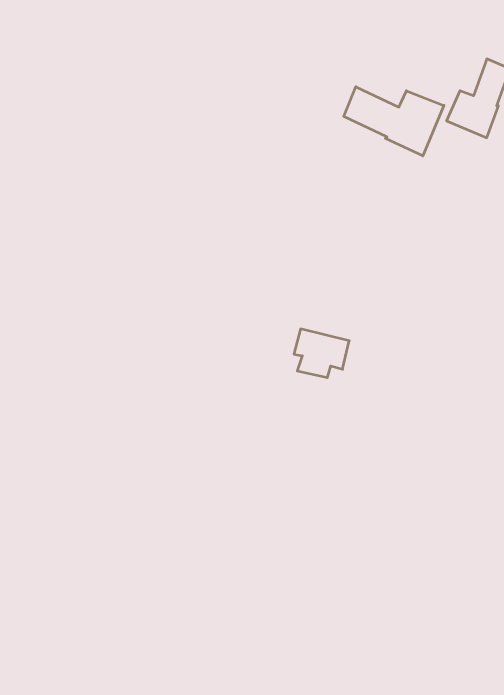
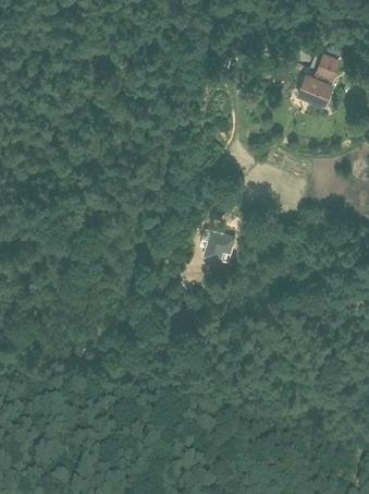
building: [344,87,444,156] -> none

